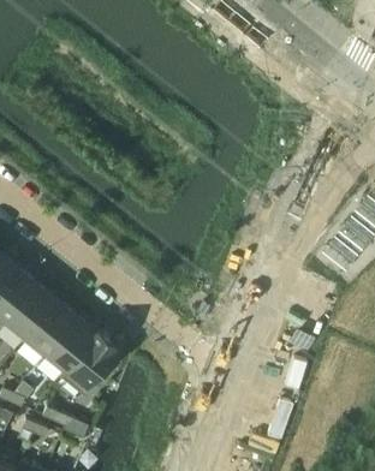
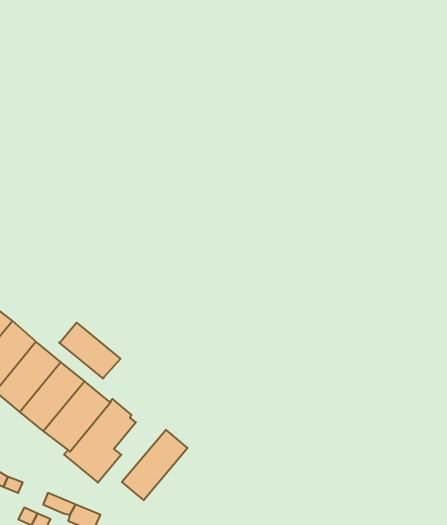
building: none -> [59,323,120,379]
building: none -> [122,430,188,500]

